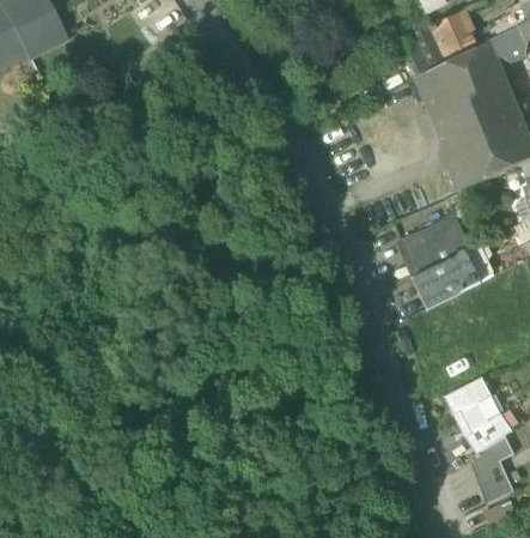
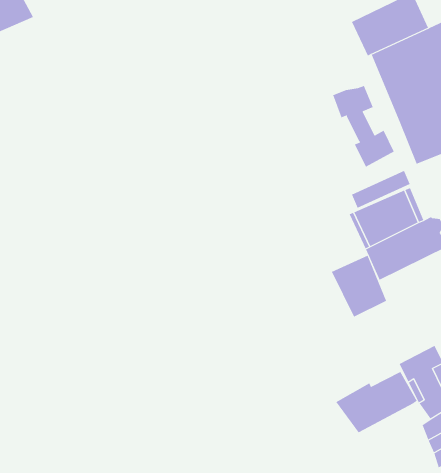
building: none -> [332,85,395,167]
building: none -> [331,255,387,318]
building: none -> [336,371,417,433]

